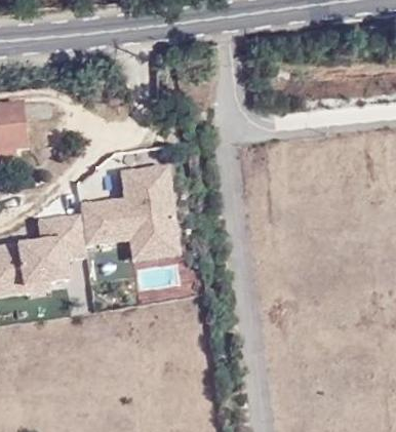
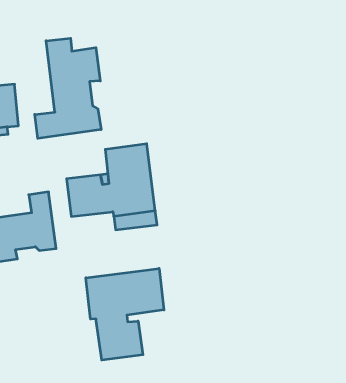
building: none -> [35,38,101,138]
building: none -> [86,268,164,360]

